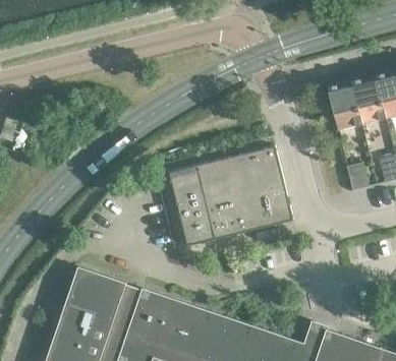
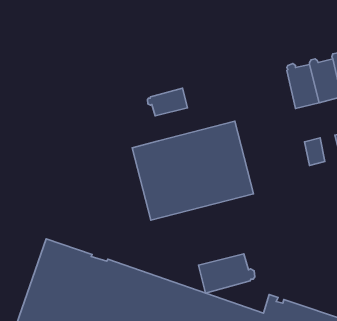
building: none -> [147,88,187,116]
building: none -> [198,254,255,293]

